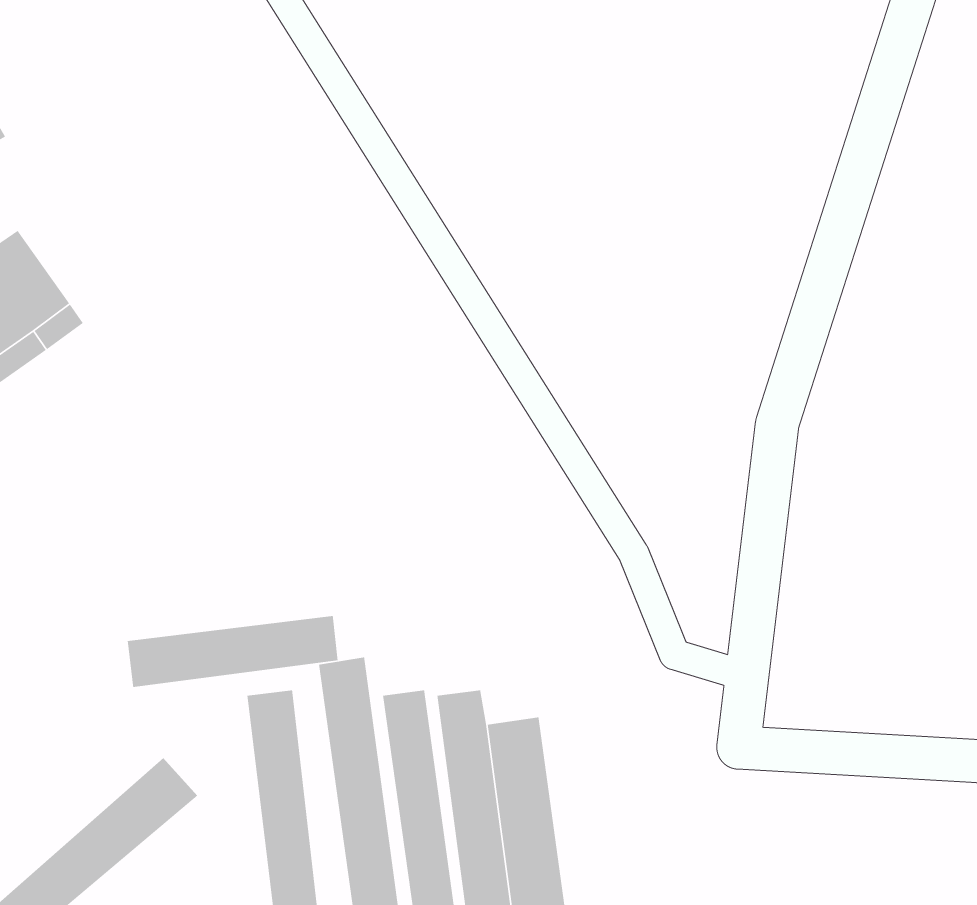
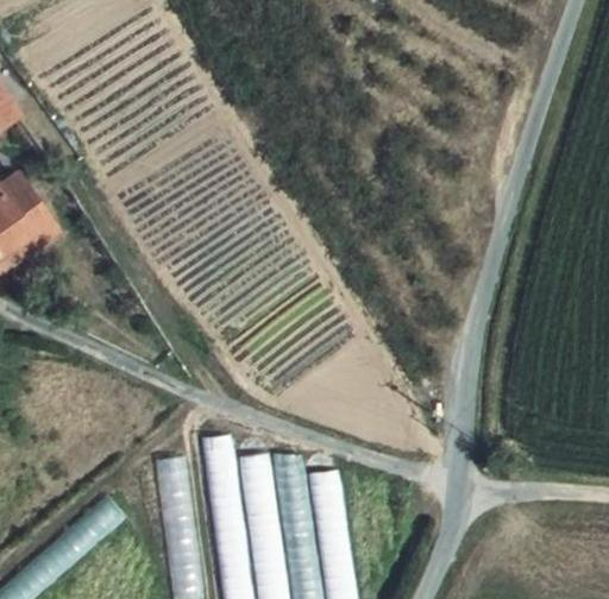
building: [127,615,339,688] -> none

